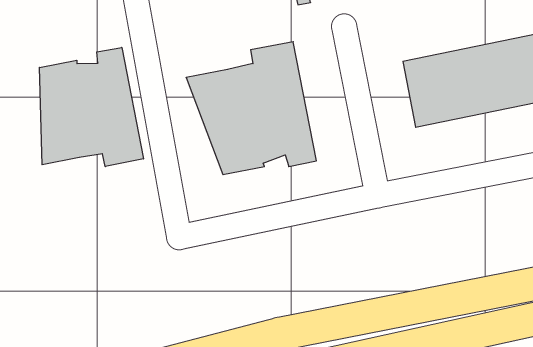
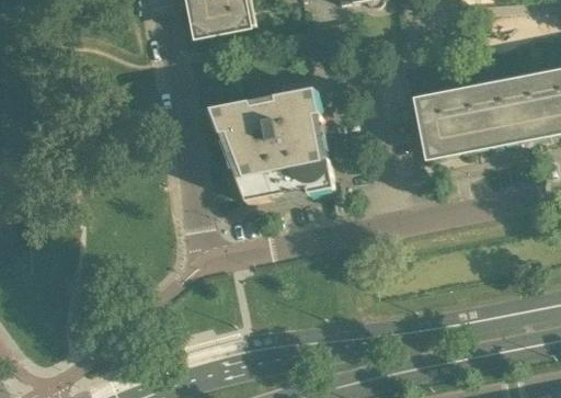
building: [39,47,143,167] -> none

